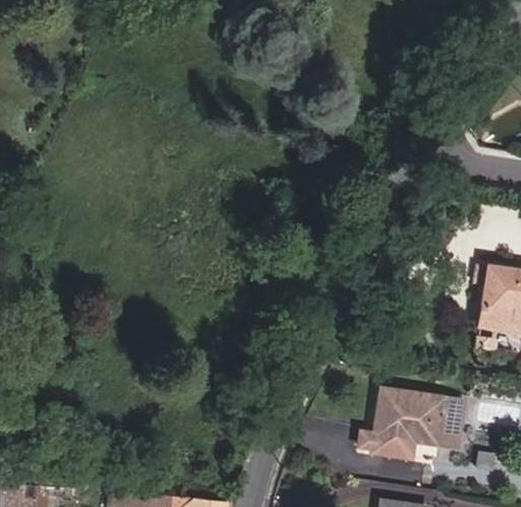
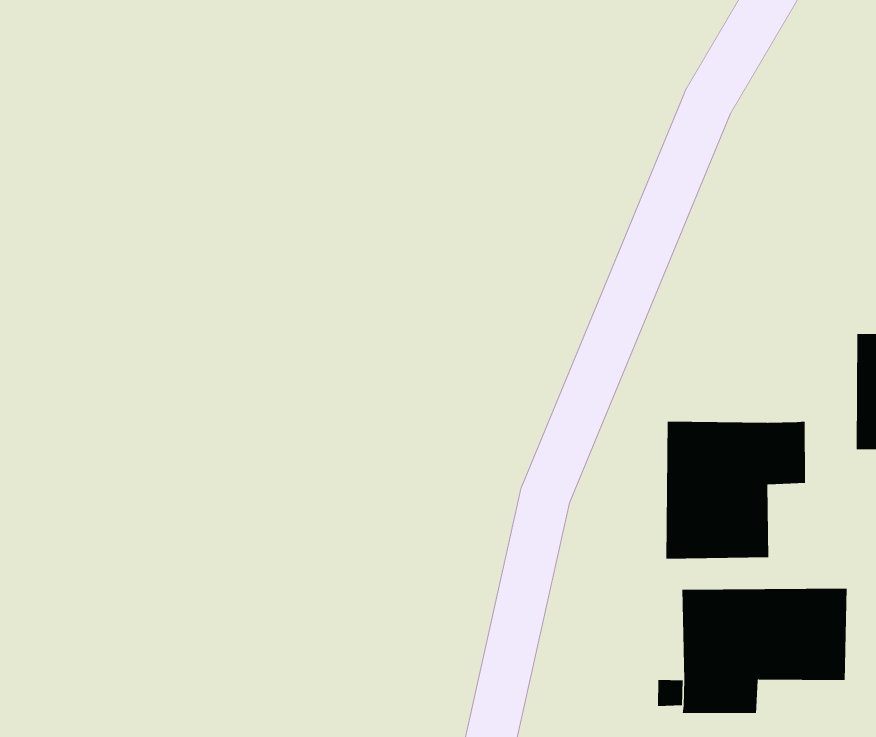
building: none -> [665,421,806,560]

